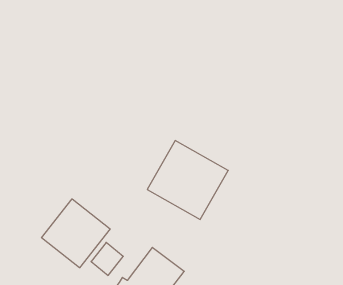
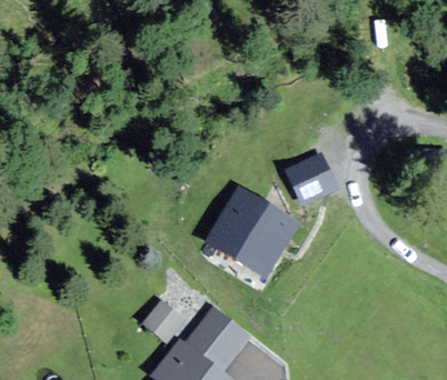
building: none -> [287,156,336,202]
building: [42,199,110,268] -> none

